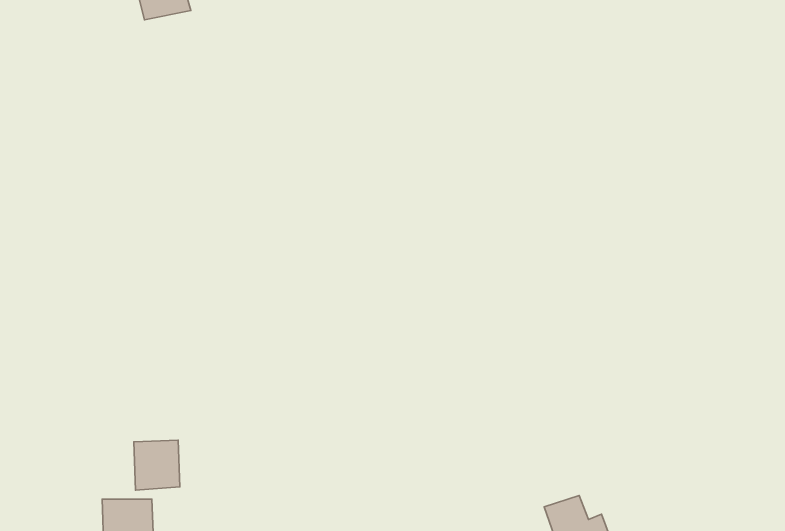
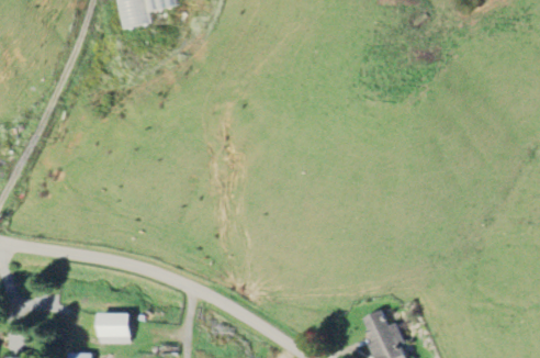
building: [134,440,180,490] -> none

